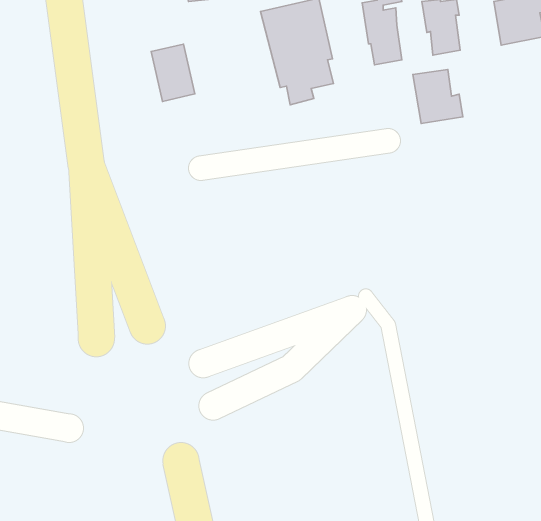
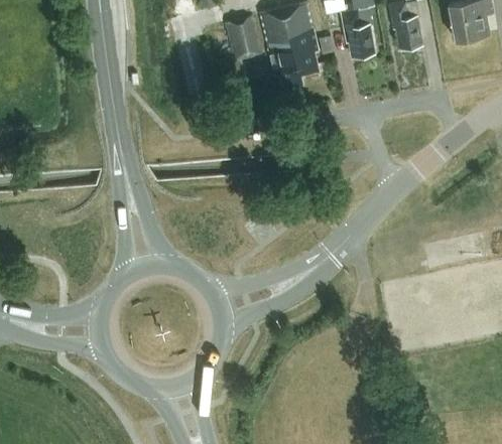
building: [151,44,195,101] -> [226,16,261,62]
building: [413,69,463,123] -> none

